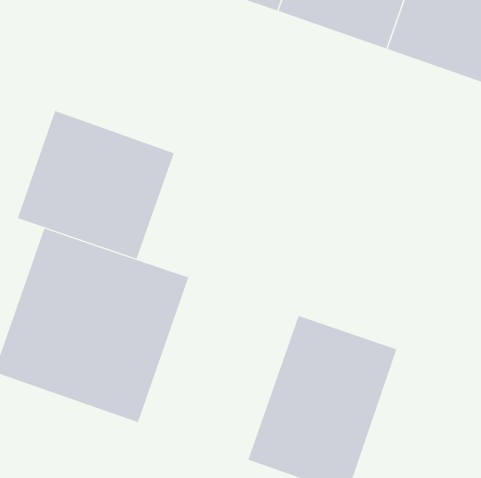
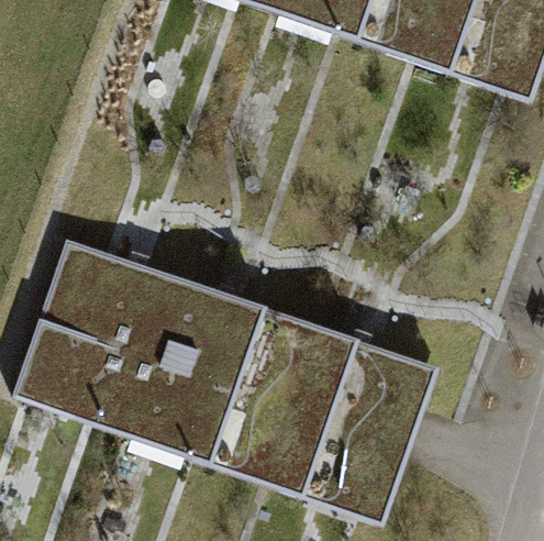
building: [17,110,174,260] -> none
building: none -> [166,292,332,483]

